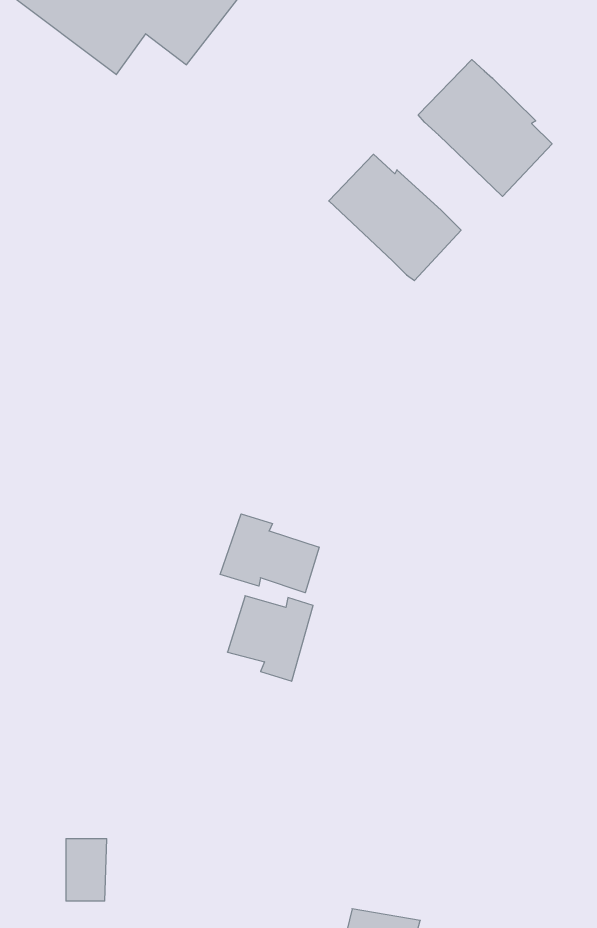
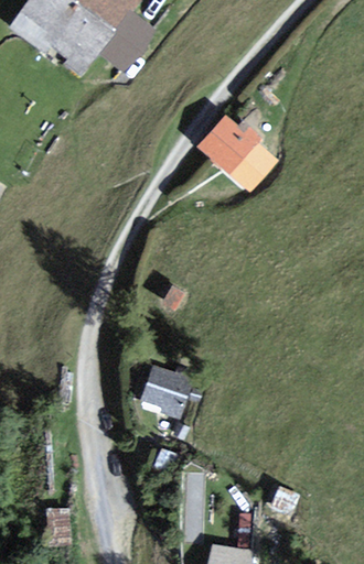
building: [418,60,552,196] -> none
building: [220,514,319,593] -> none

